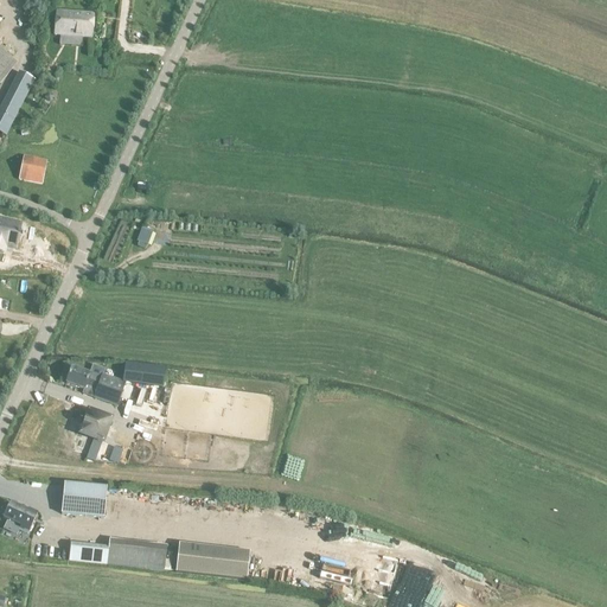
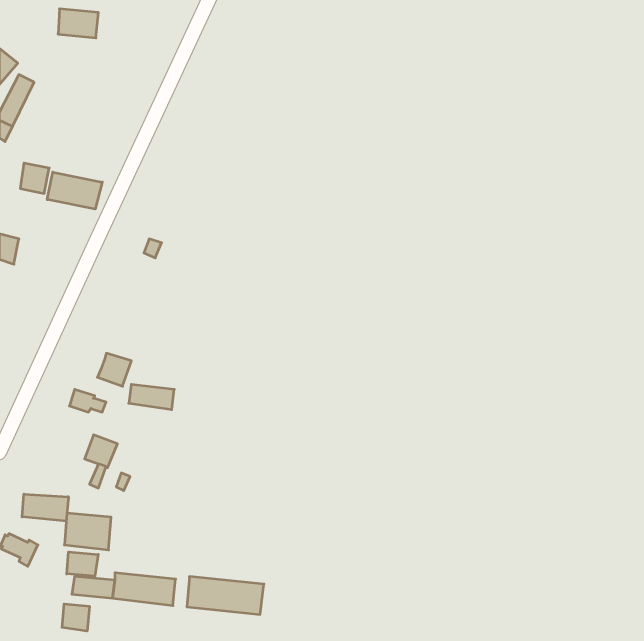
building: none -> [47,172,102,209]
building: [92,372,124,403] -> [97,353,131,386]
building: none -> [22,494,68,521]
building: none -> [67,552,98,576]
building: none -> [62,604,89,631]

